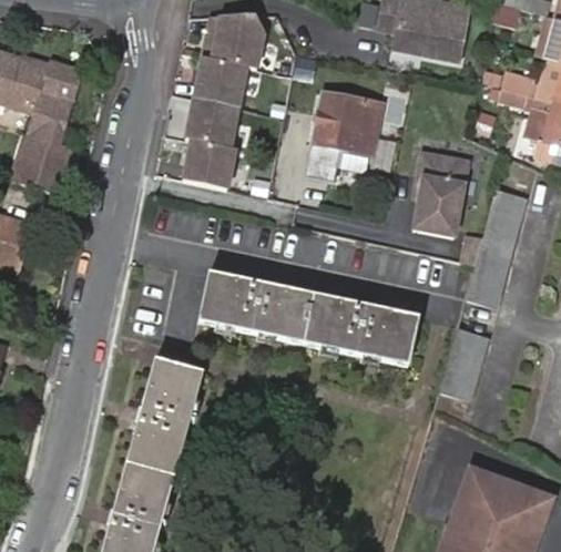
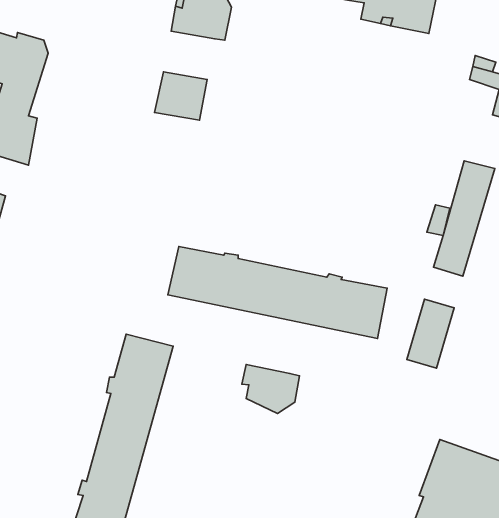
building: [193,55,245,104] -> none
building: [303,91,379,177] -> none
building: [182,139,235,188] -> none
building: [414,149,468,234] -> none
building: none -> [242,364,299,413]

